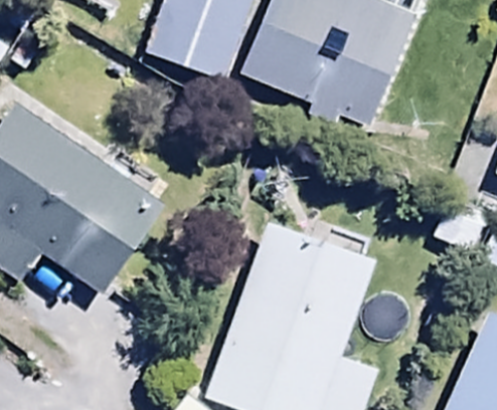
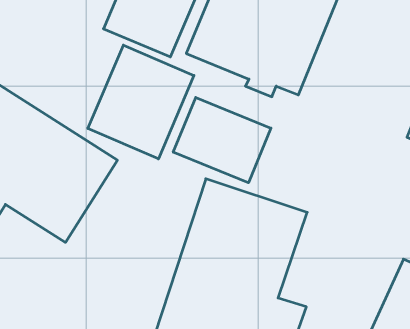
building: none -> [88,45,194,159]
building: none -> [173,97,271,183]

